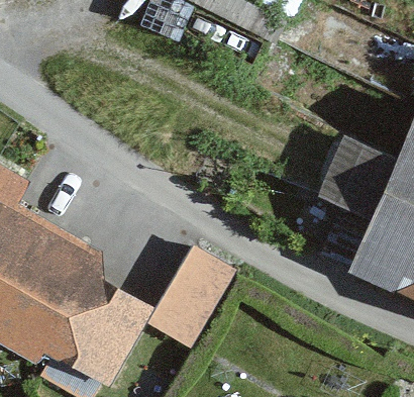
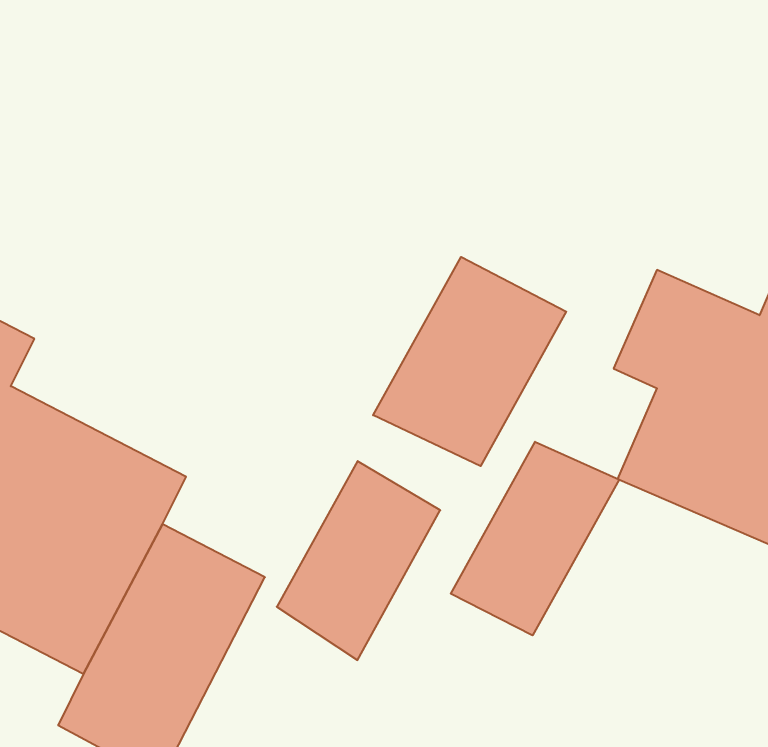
building: none -> [373,257,566,466]
building: none -> [451,442,619,635]

